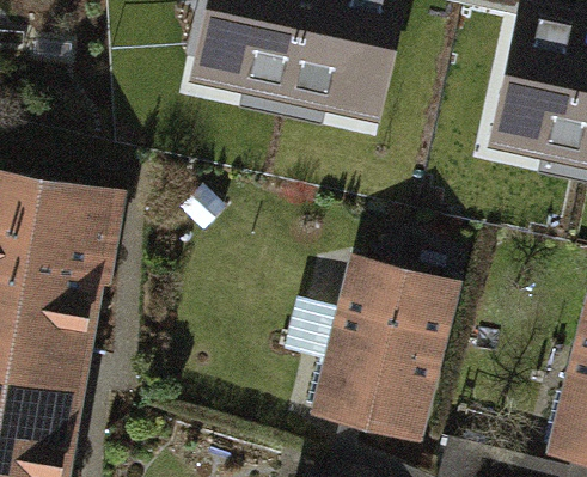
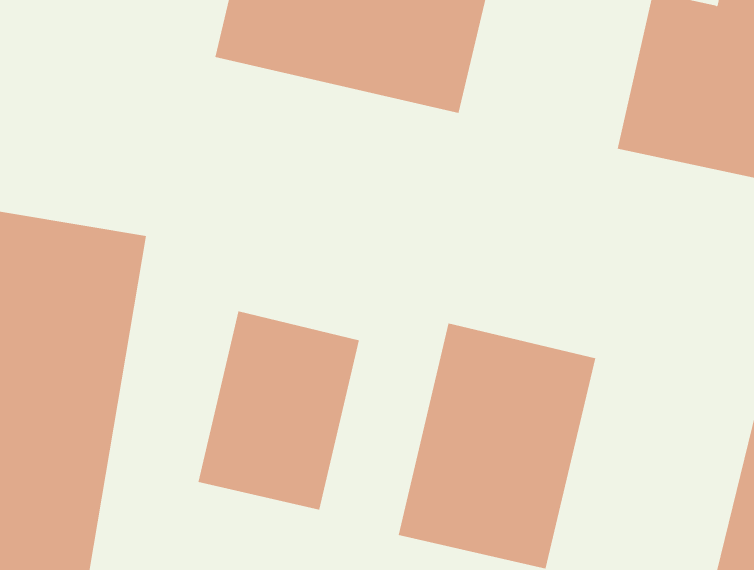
building: none -> [198,311,359,510]

